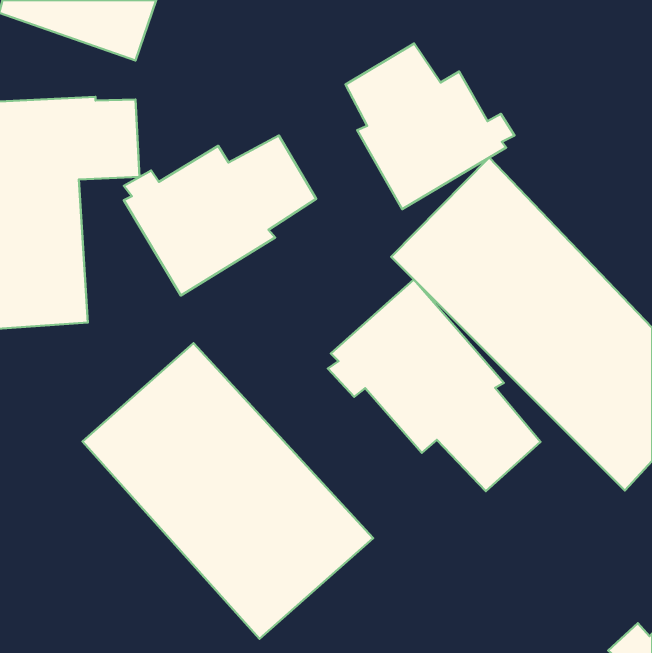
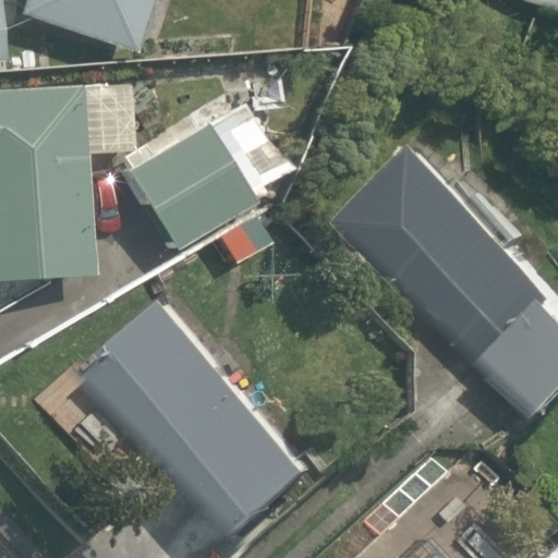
building: [346,43,515,209] -> none
building: [328,279,541,491] -> none

